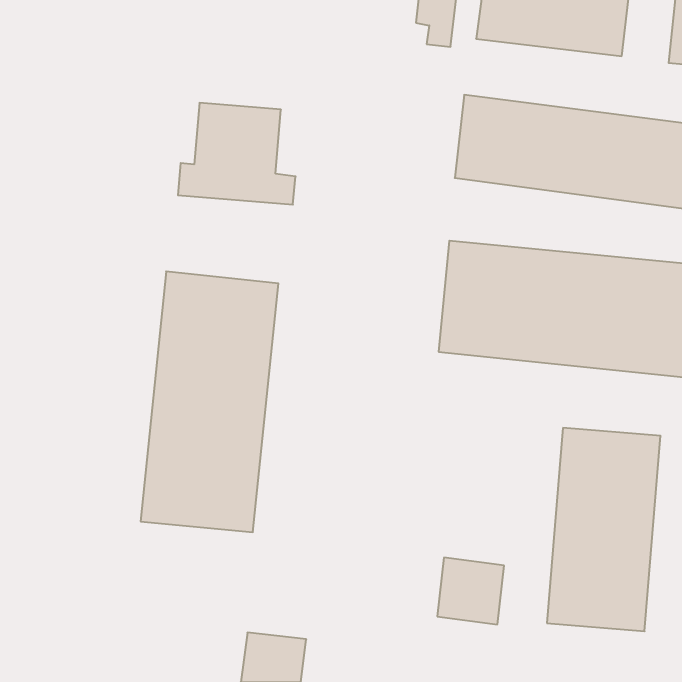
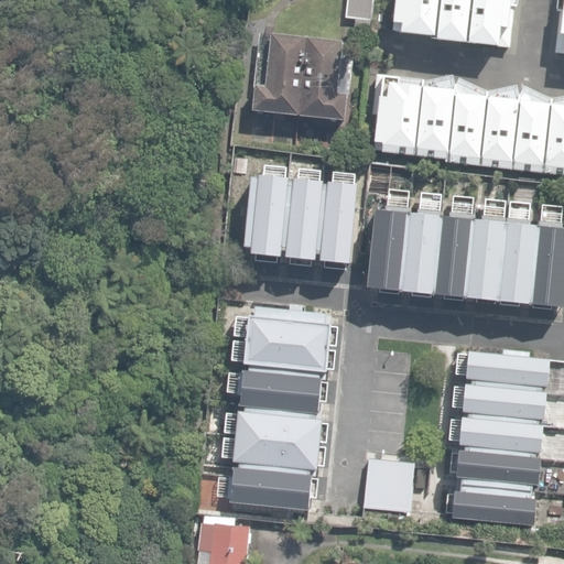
building: [178,103,296,205] -> [254,34,351,118]
building: none -> [238,167,362,268]
building: [141,271,278,532] -> [224,300,337,514]

